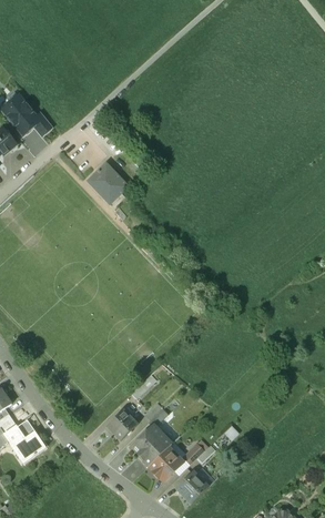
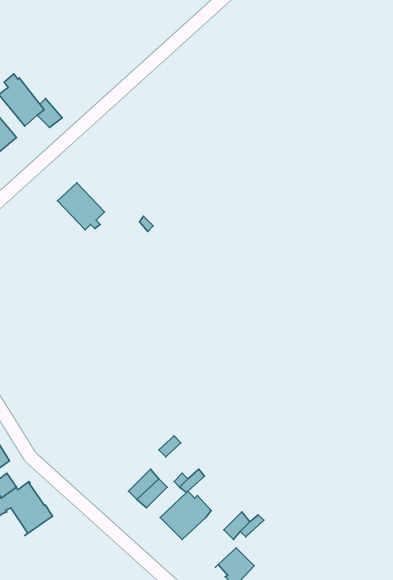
building: [89,161,126,199] -> [57,183,104,230]
building: [149,447,182,480] -> none

